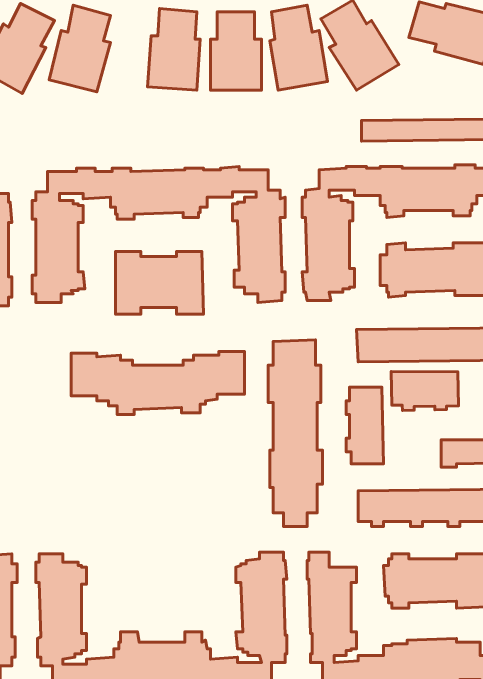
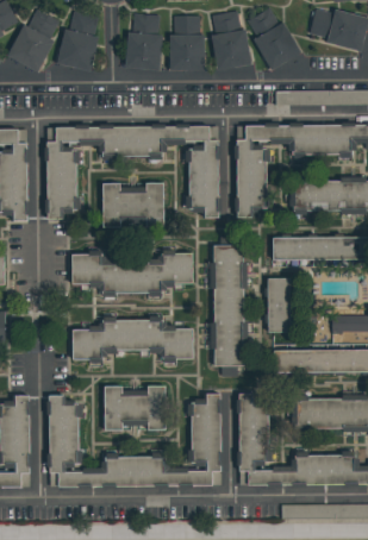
building: [391,372,458,410] -> none
building: none -> [73,315,193,363]
building: none -> [104,385,166,431]

